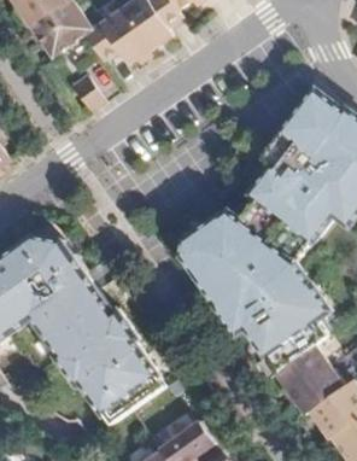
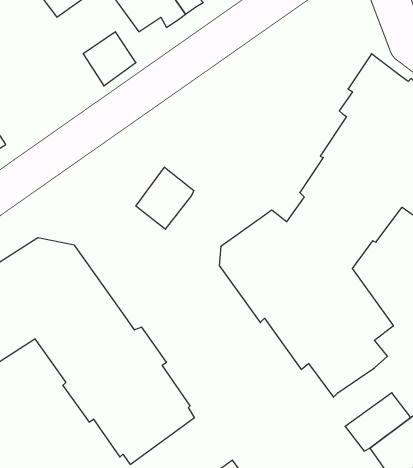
building: none -> [136,167,194,229]
building: [275,345,328,393] -> none

